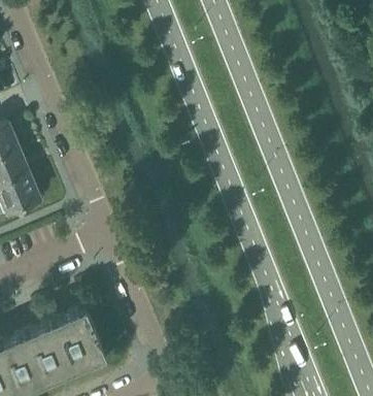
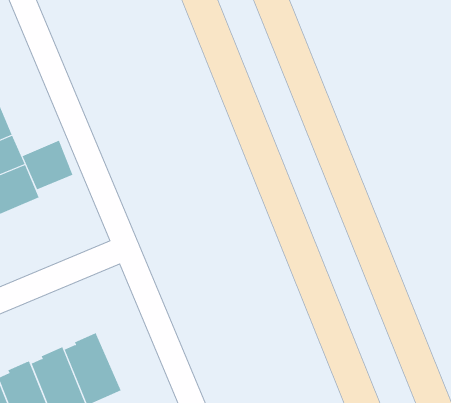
building: none -> [22,140,73,190]

